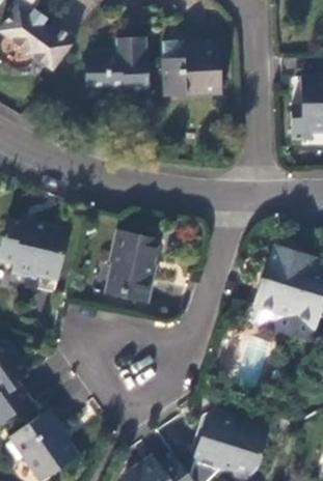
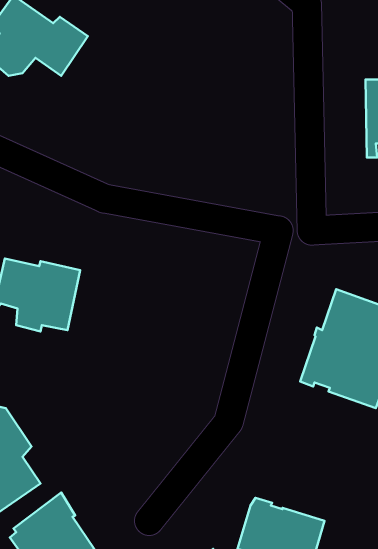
building: [84,40,149,98] -> none
building: [161,44,221,100] -> none
building: [106,230,160,304] -> none

